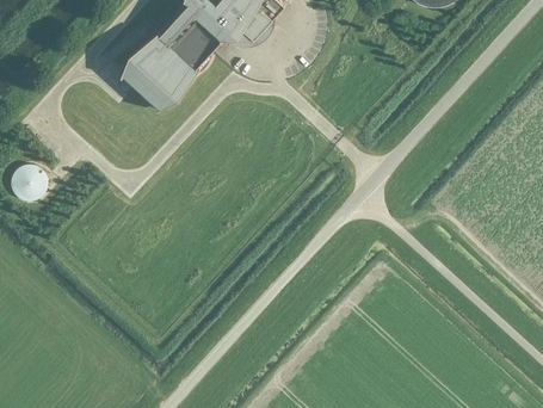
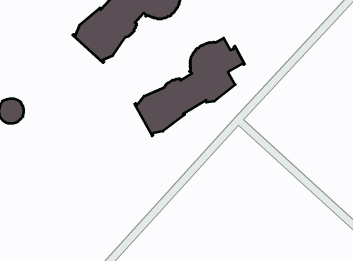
building: none -> [135,38,245,136]

